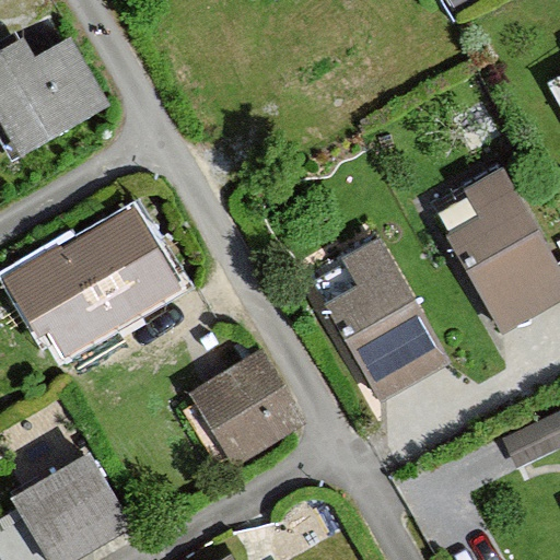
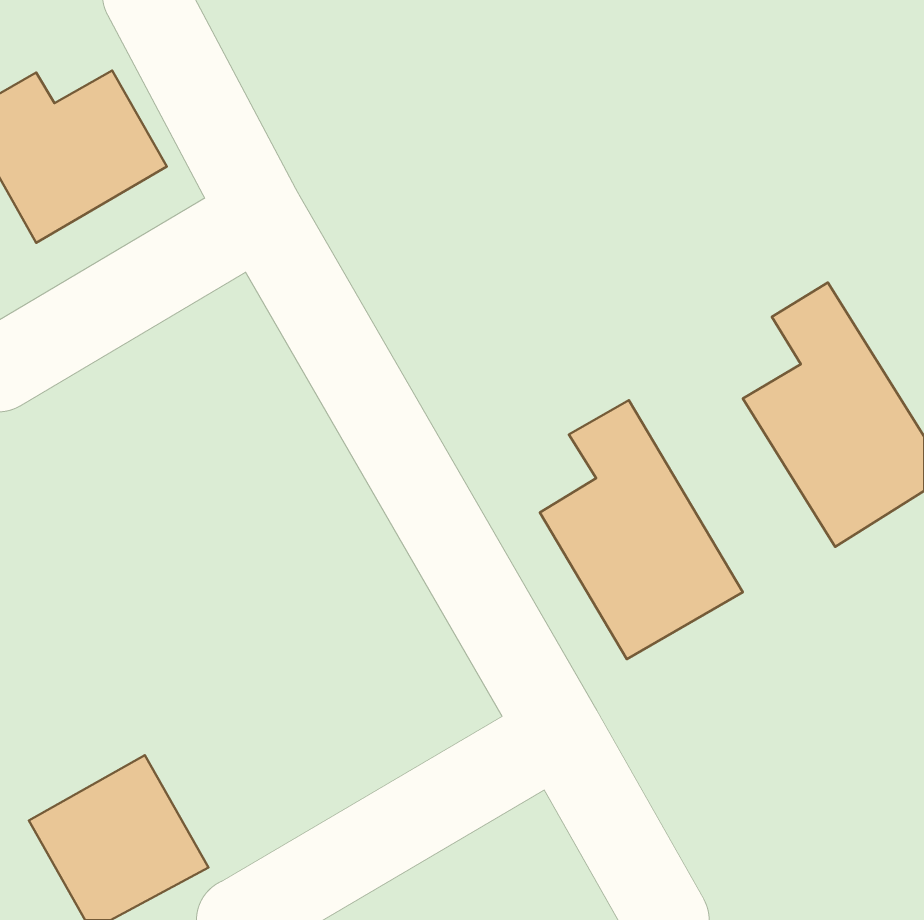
building: [11,207,177,348] -> none
building: [198,357,299,456] -> none

